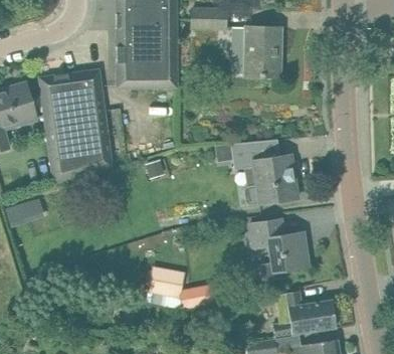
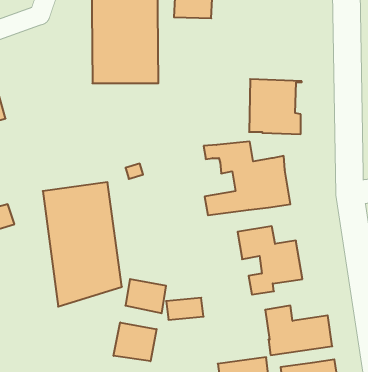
building: [232,26,280,76] -> [249,79,302,134]
building: [39,69,112,183] -> [43,182,122,307]
building: none -> [114,322,157,361]

